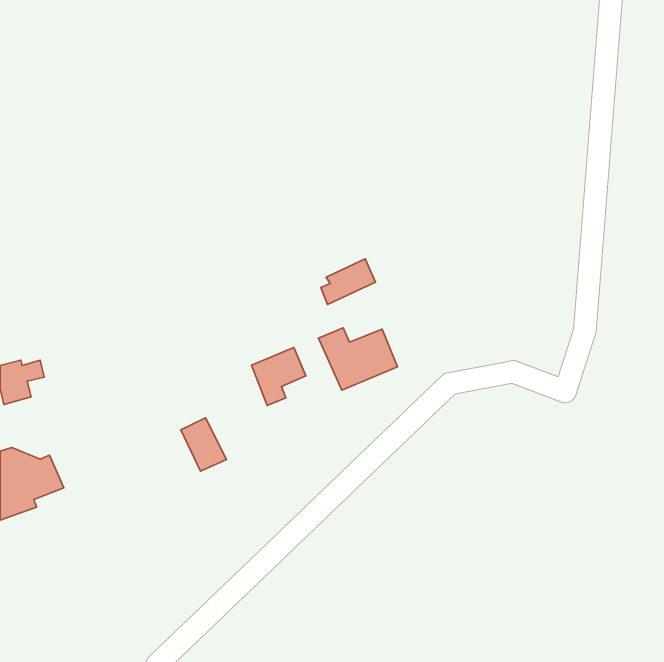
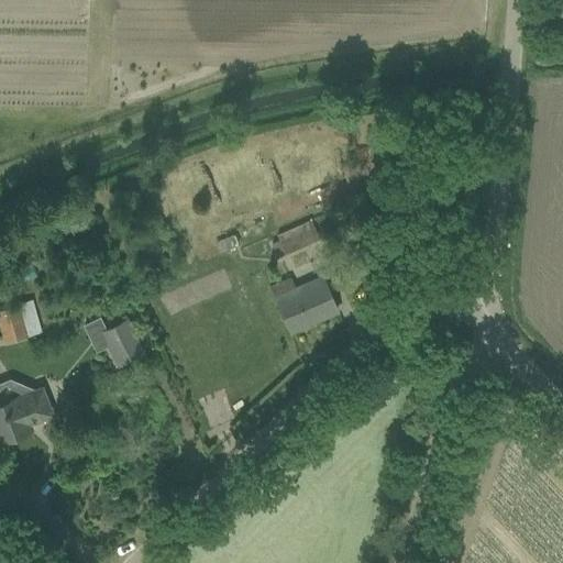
building: [251,347,306,406] -> none
building: [181,418,226,471] -> [101,322,140,367]

